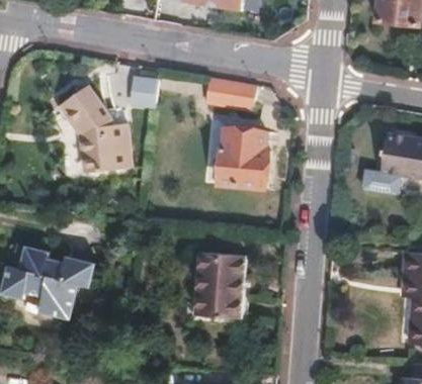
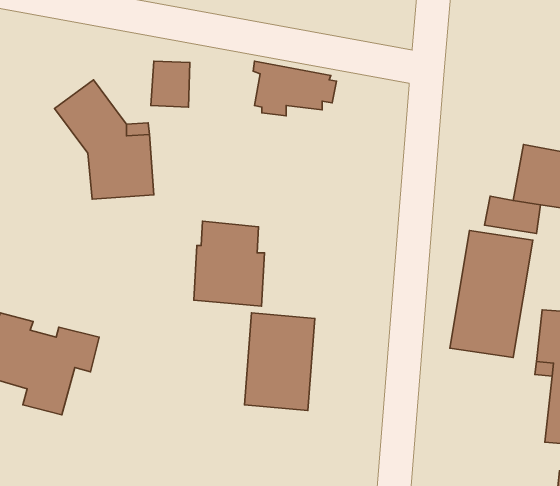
building: [220,128,269,188] -> [194,221,264,306]
building: none -> [450,231,533,358]

